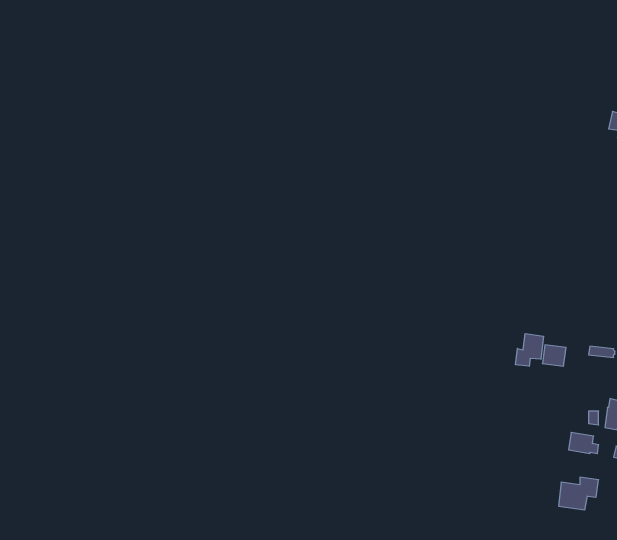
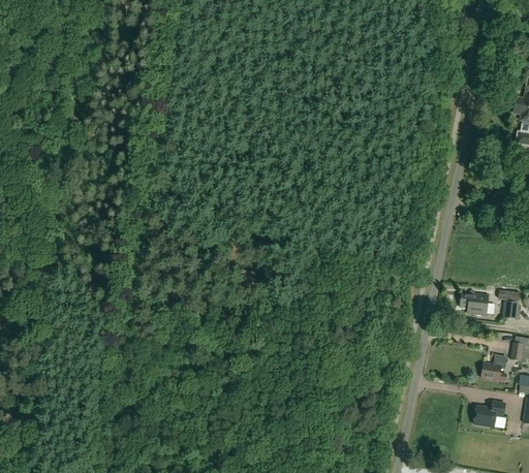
building: [515,334,543,366] -> none

